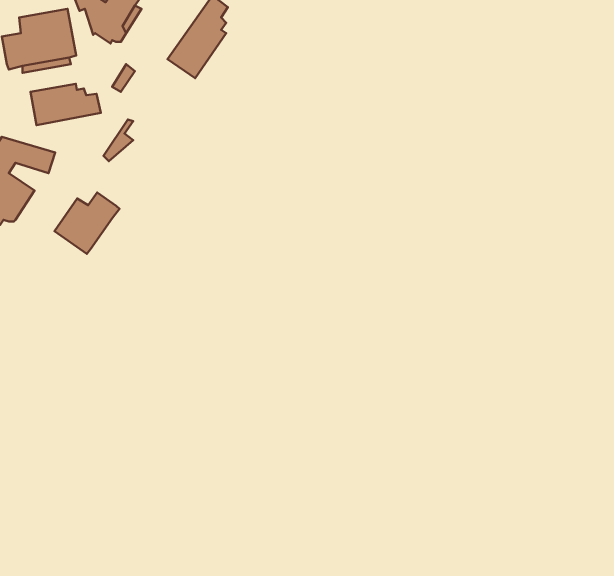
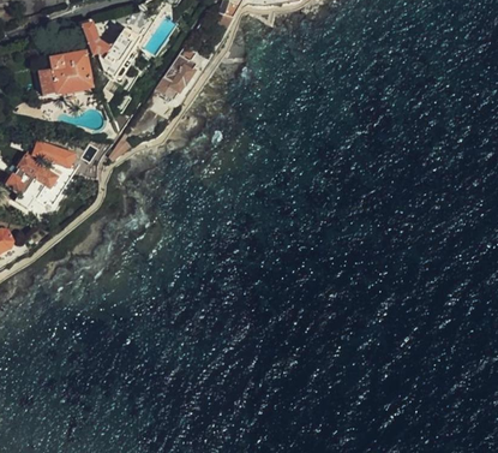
building: [31,84,101,125] -> none
building: [55,192,120,254] -> none

